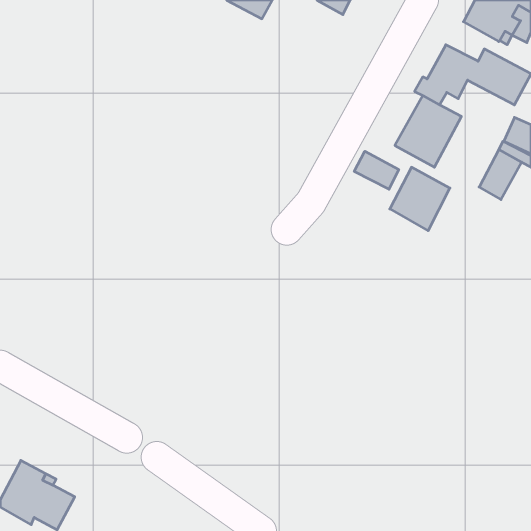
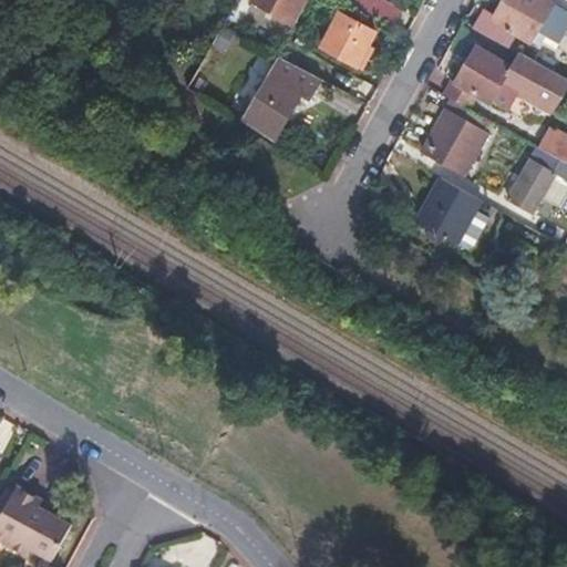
building: none -> [312,10,365,63]
building: none -> [239,58,324,140]
building: [354,151,399,189] -> none

